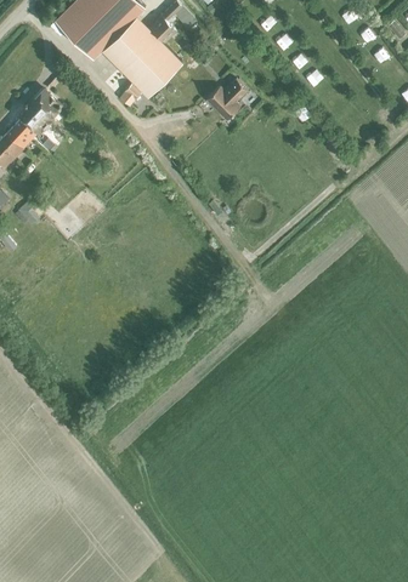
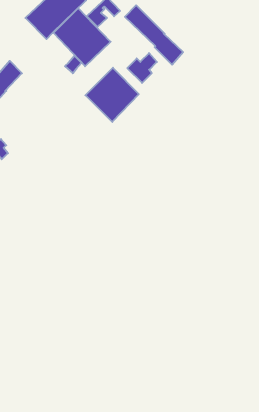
building: none -> [125,5,183,65]
building: none -> [85,68,139,122]

